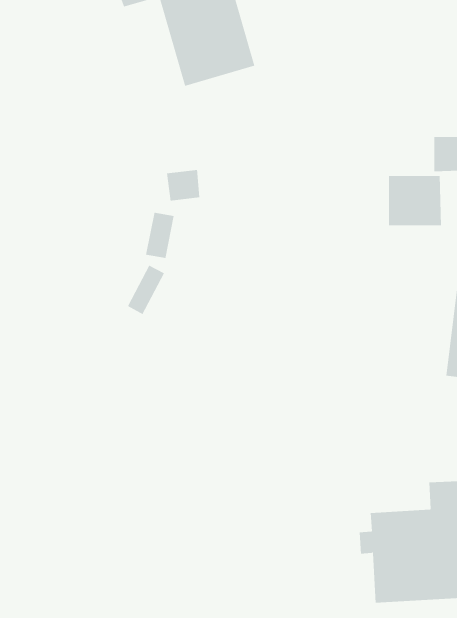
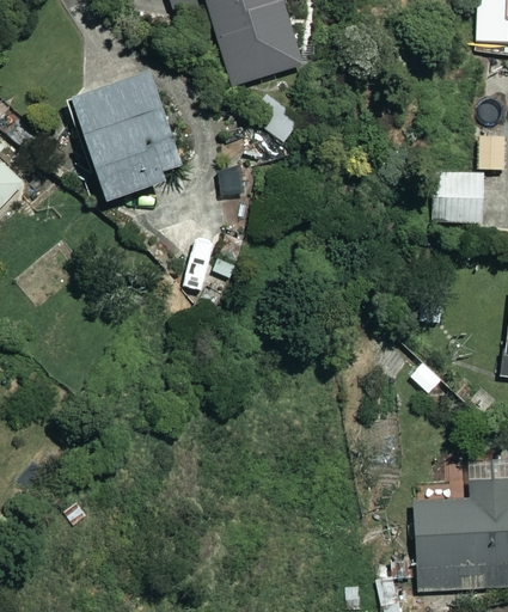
building: none -> [75,72,184,198]

